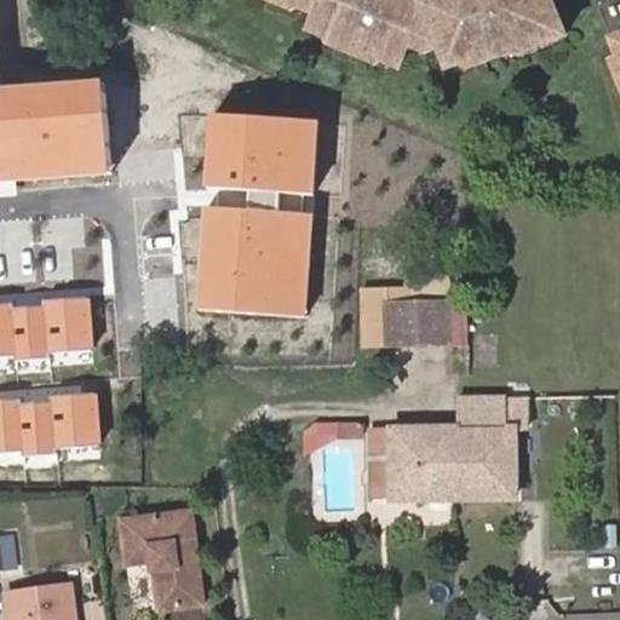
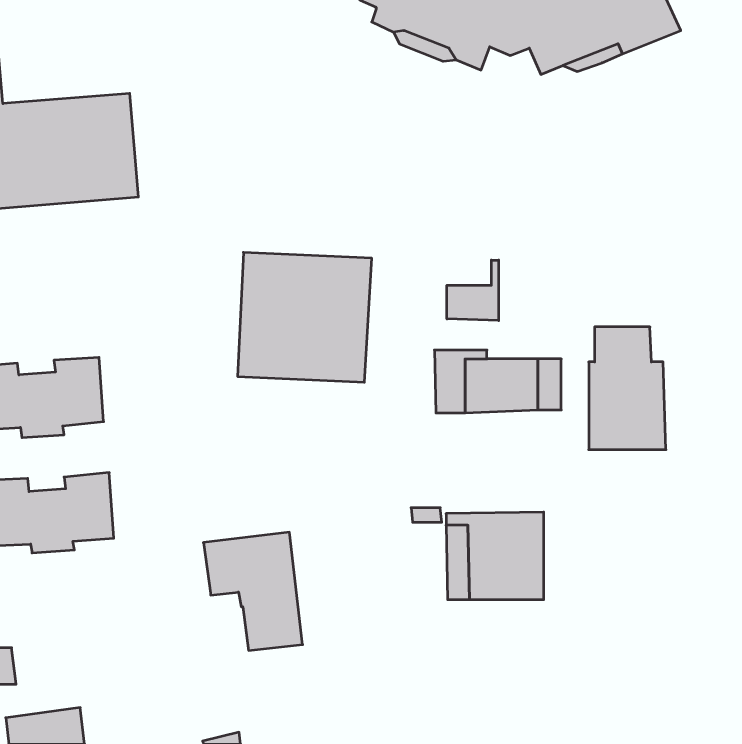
building: [205,116,317,197] -> none
building: none -> [447,260,499,321]
building: [452,396,516,498] -> [589,327,666,450]
building: [111,509,194,607] -> [203,532,303,650]

